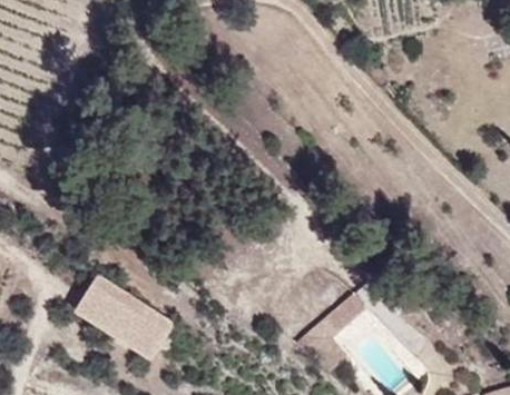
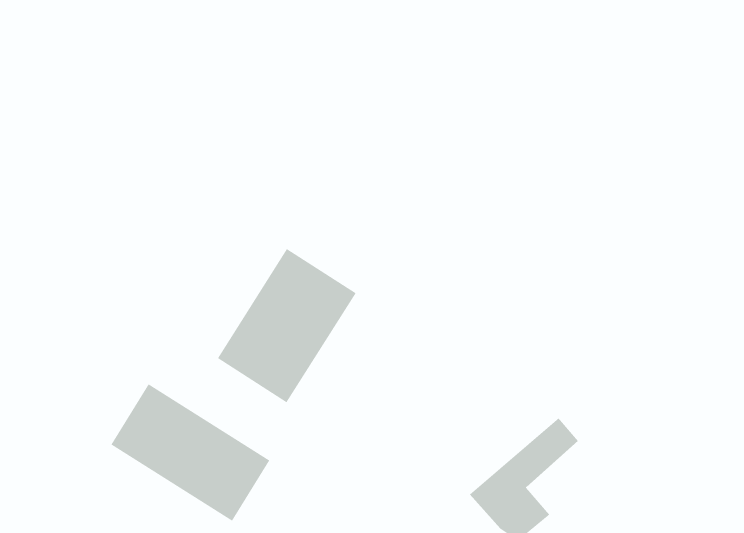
building: none -> [217,248,356,403]

